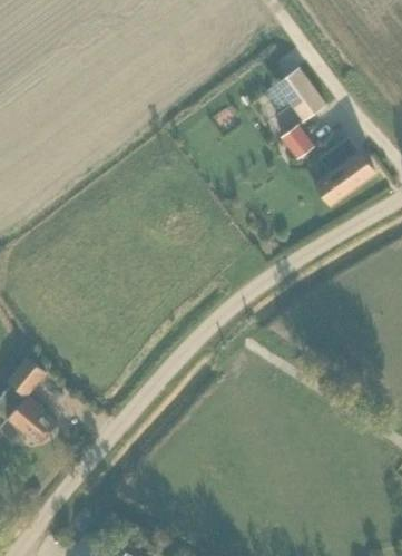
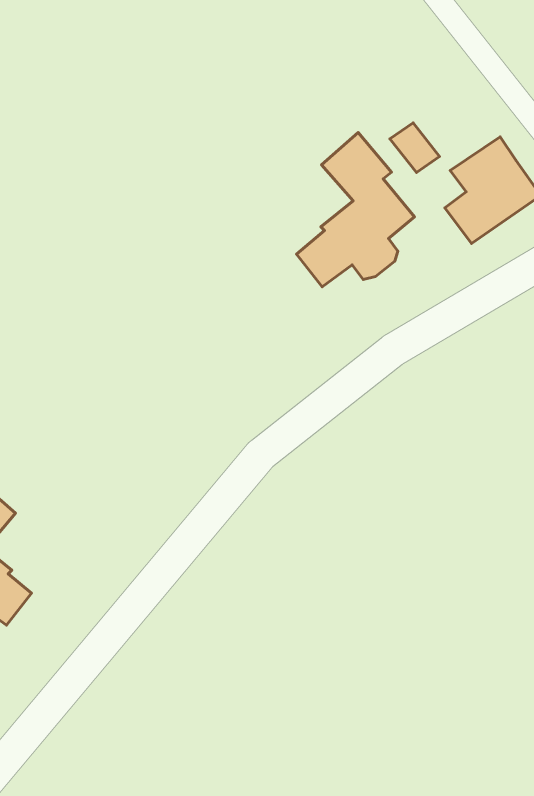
building: [275,67,327,123] -> none
building: none -> [297,132,414,287]

